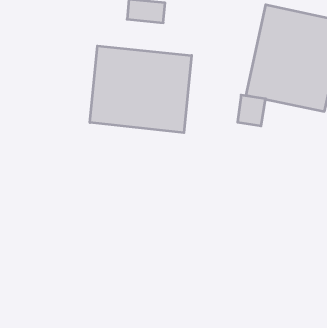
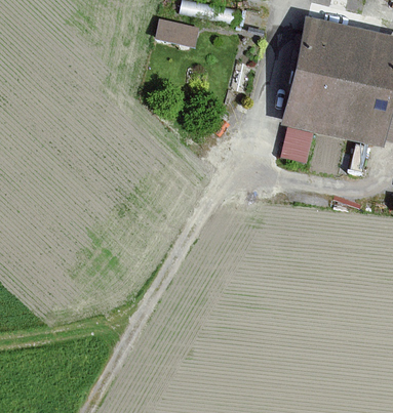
building: [90,46,192,133] -> none

